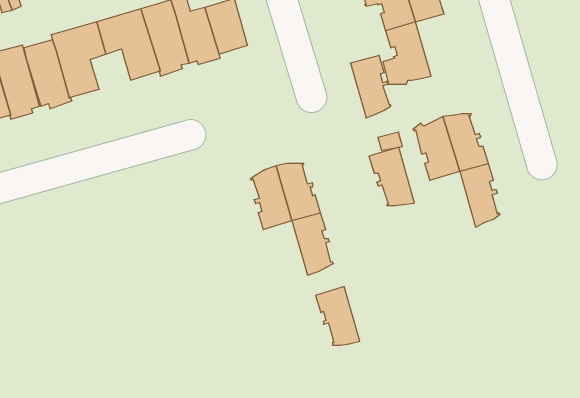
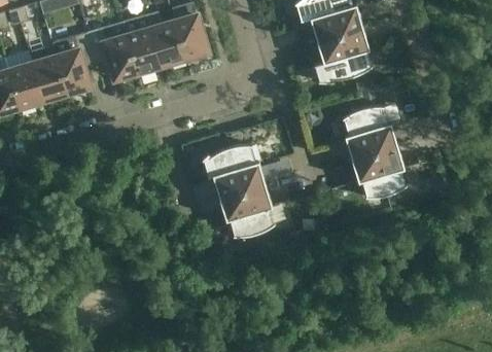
building: [350,55,391,118] -> [340,27,372,76]
building: [369,147,414,206] -> [351,151,387,198]
building: [316,287,360,345] -> [219,190,254,237]

